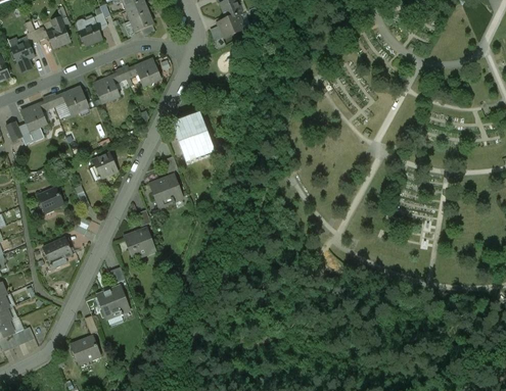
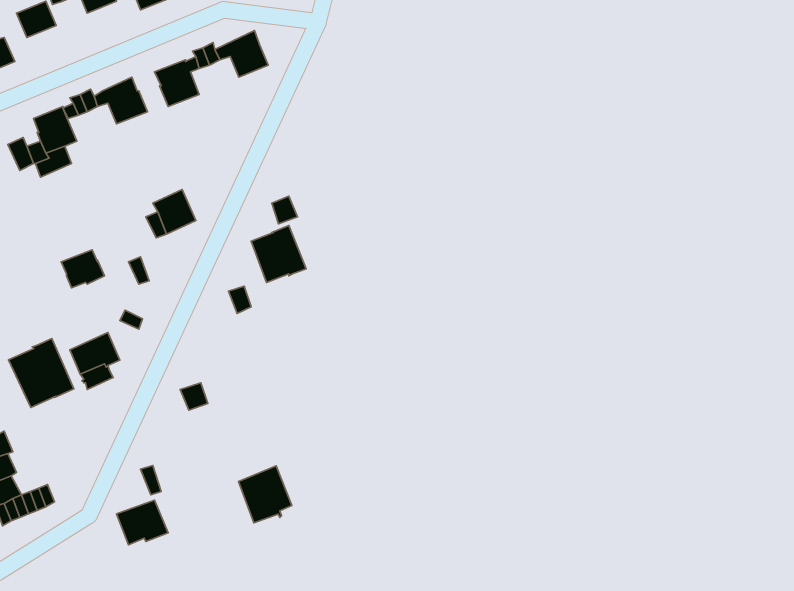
building: [176,119,210,151] -> none
building: [124,227,155,258] -> none
building: none -> [9,338,74,407]
building: [97,285,129,319] -> [238,466,292,523]

